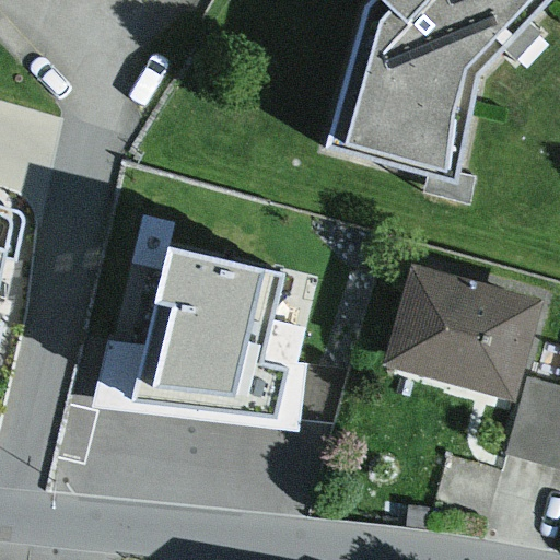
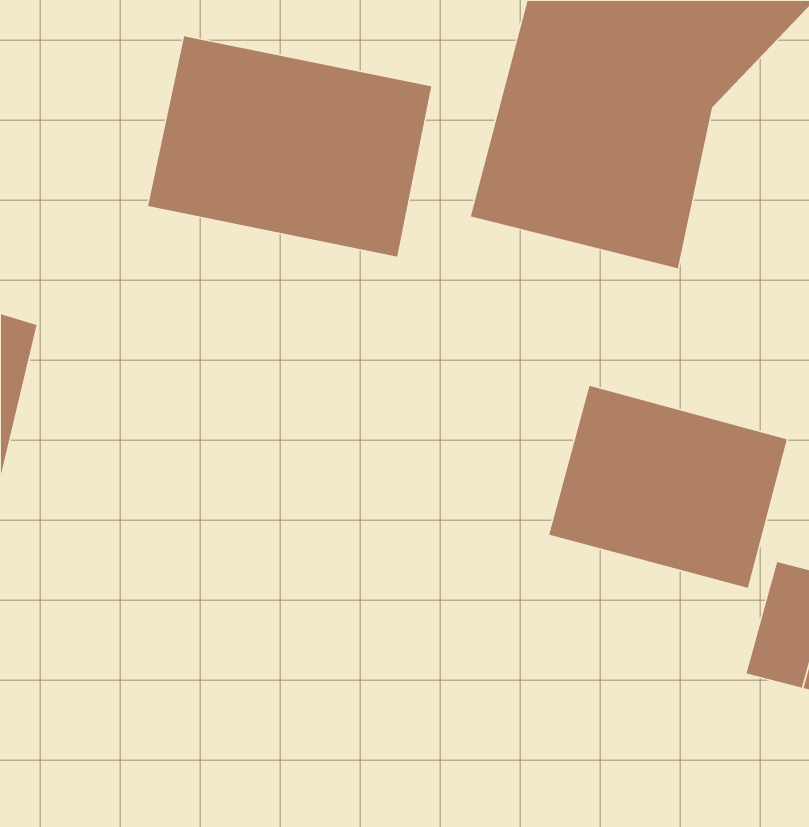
building: none -> [147,35,432,258]
building: [109,234,285,419] -> none

